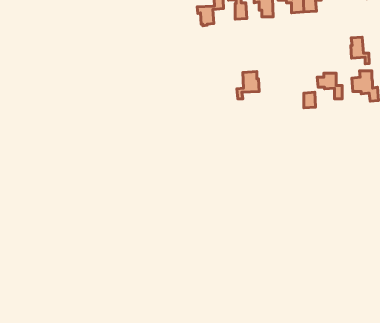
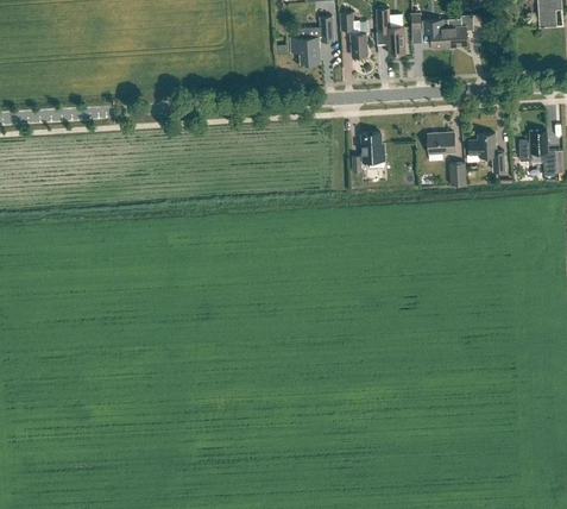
building: [351,37,369,64] -> none
building: none -> [427,133,455,162]

